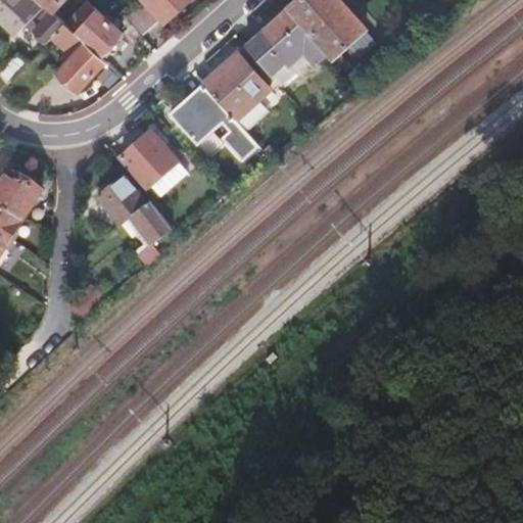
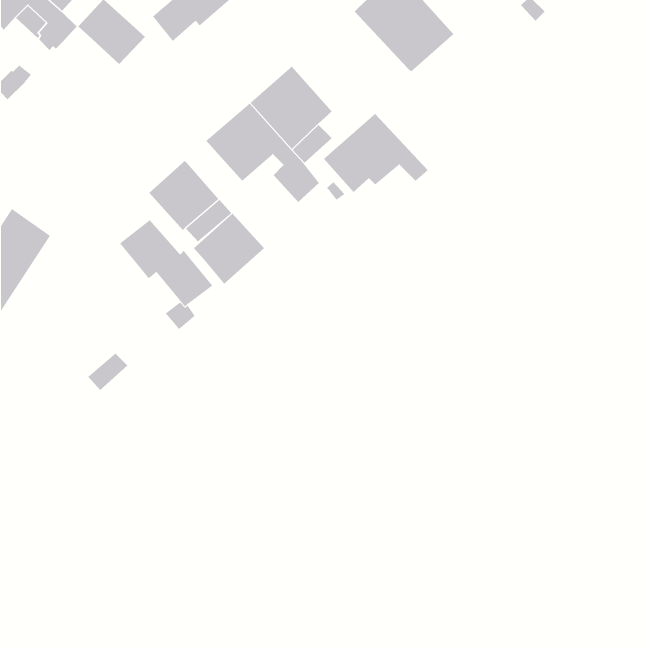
building: [244,9,329,74] -> [323,113,428,193]
building: [51,21,104,90] -> none
building: none -> [193,213,265,285]

